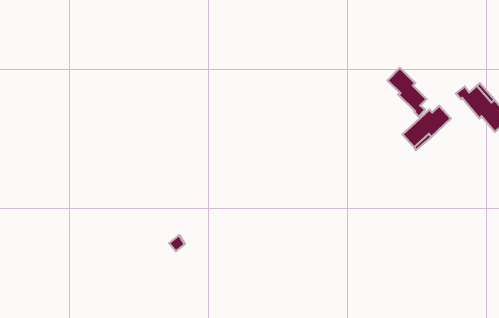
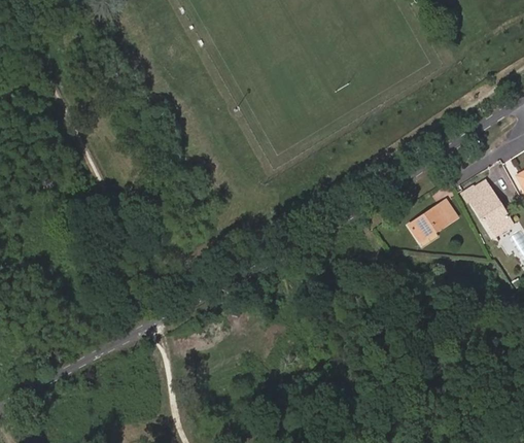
building: [388,68,426,117] -> none

